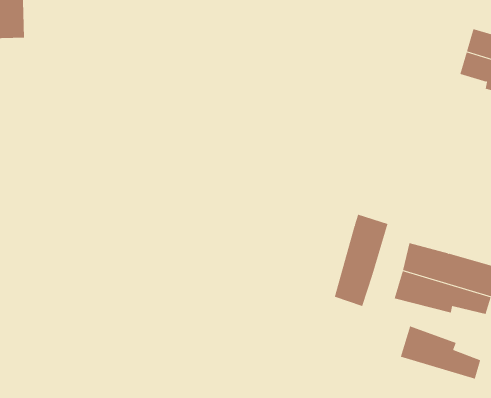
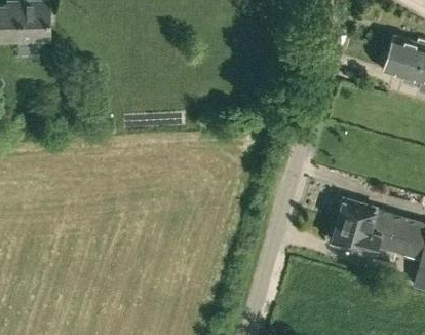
building: [334,214,388,307] -> none
building: [400,326,481,380] -> none

